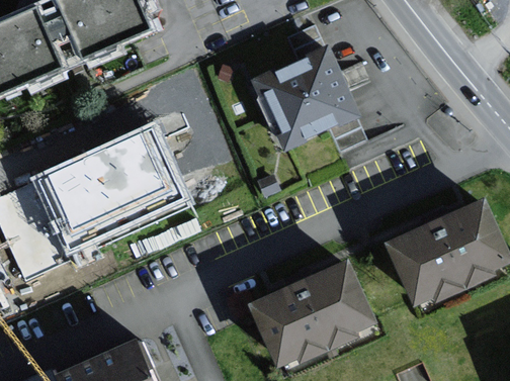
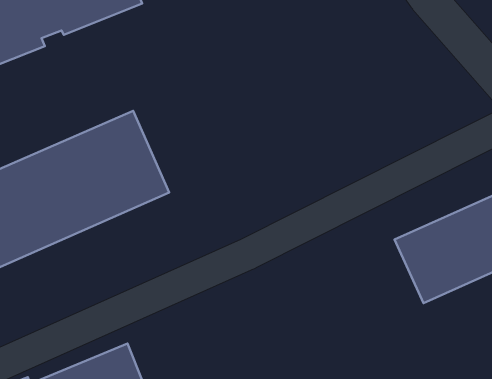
building: [253,47,360,151] -> none
building: [250,262,367,362] -> none

